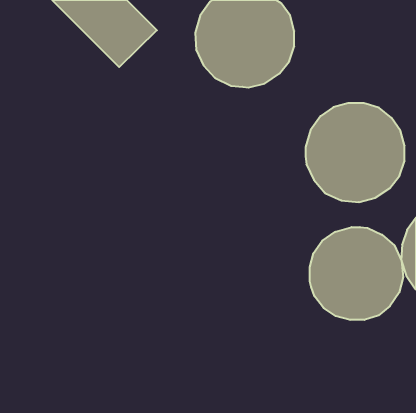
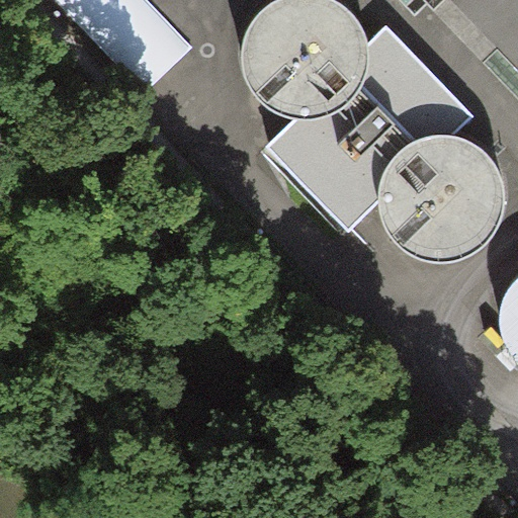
building: none -> [265,25,474,232]
building: [310,227,403,320] -> none

